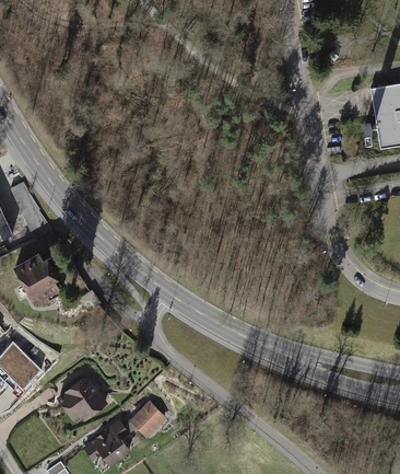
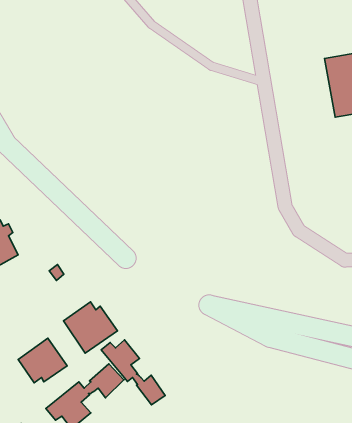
building: none -> [64,302,117,353]
building: none -> [101,340,165,405]

